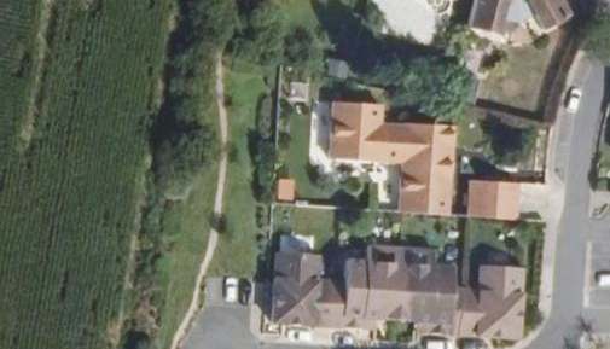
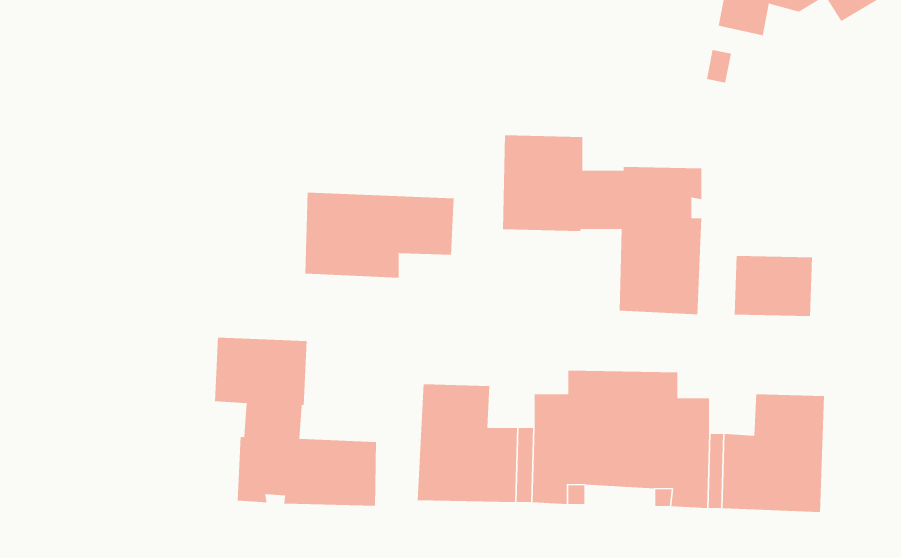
building: none -> [305,192,454,279]
building: none -> [214,337,376,507]

